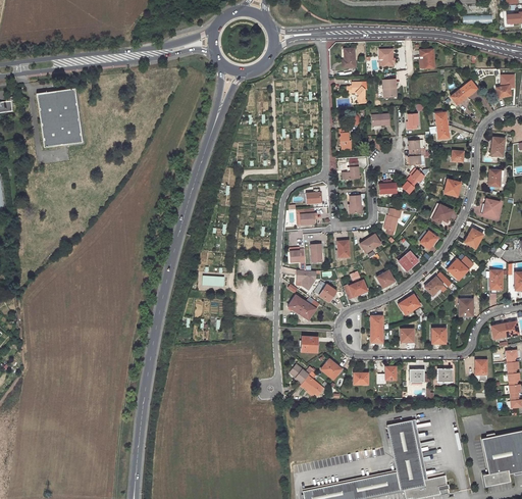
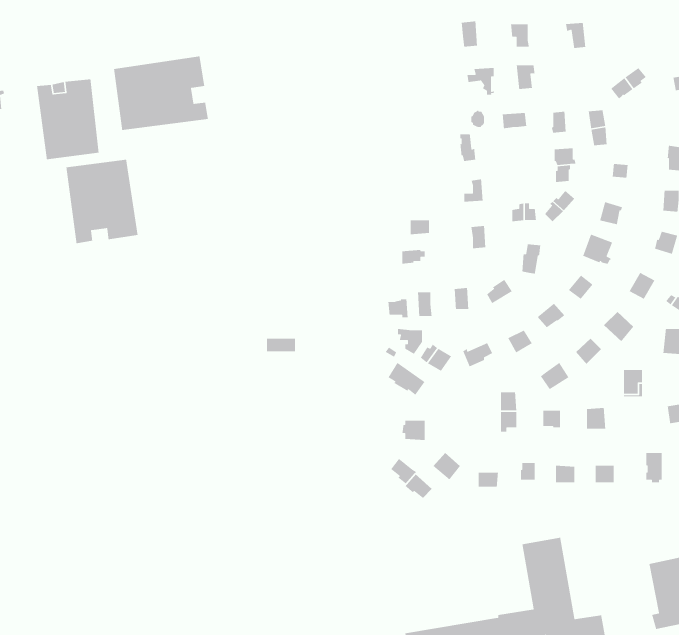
building: none -> [113,56,209,131]
building: none -> [66,159,138,244]

